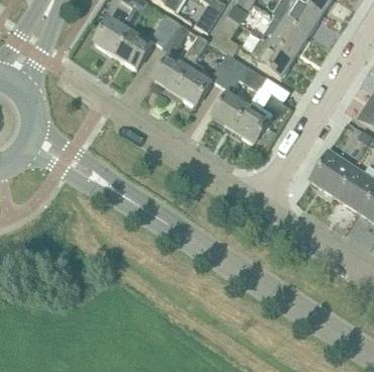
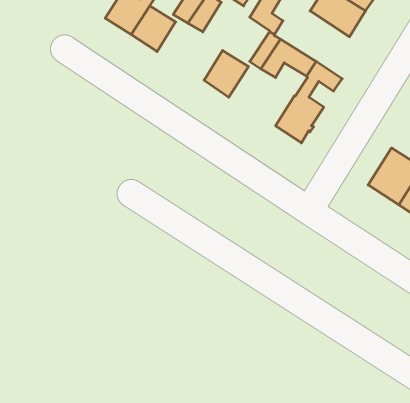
building: [153,35,208,93] -> none
building: [252,36,294,79] -> none
building: [212,92,249,130] -> none

